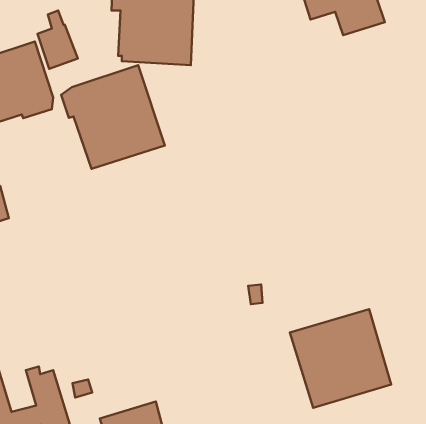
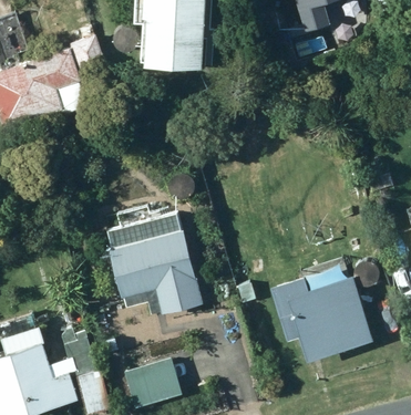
building: [61,65,165,169] -> none
building: none -> [109,214,203,313]

